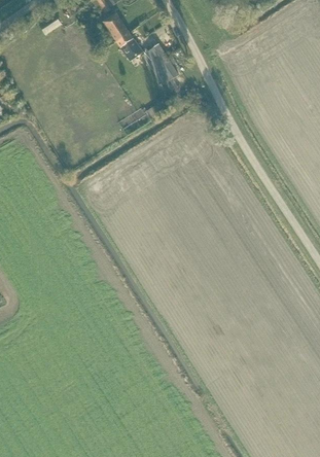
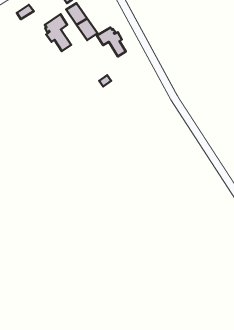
building: none -> [45,14,71,51]

